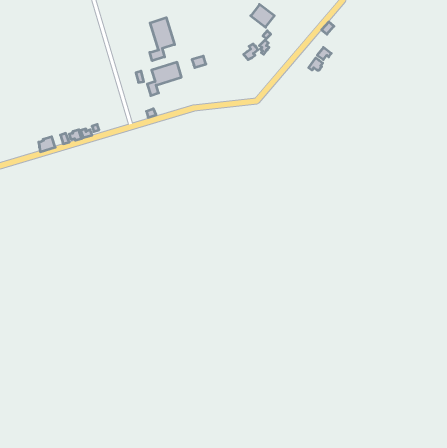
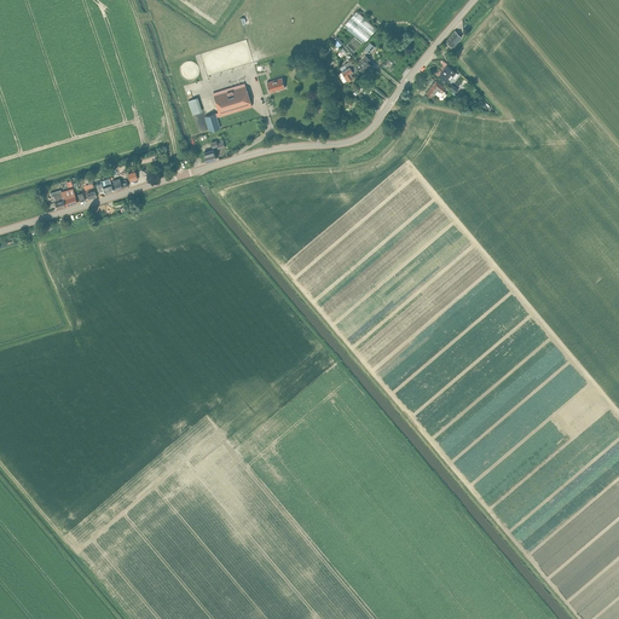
building: [150,18,175,61] -> none

